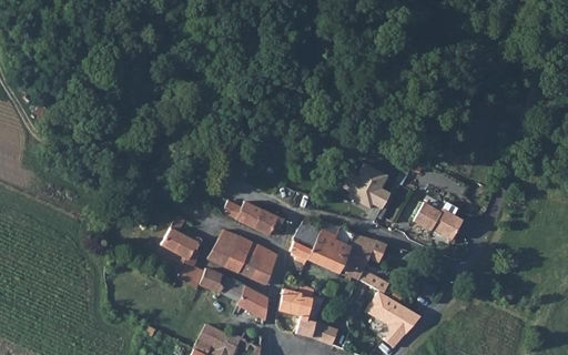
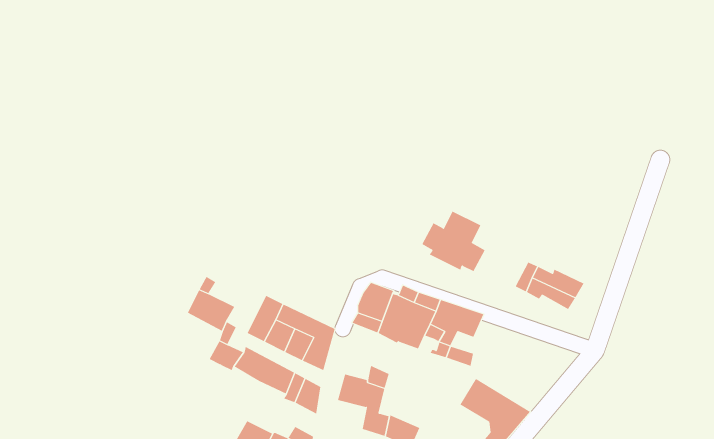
building: [222,202,286,235] -> none

